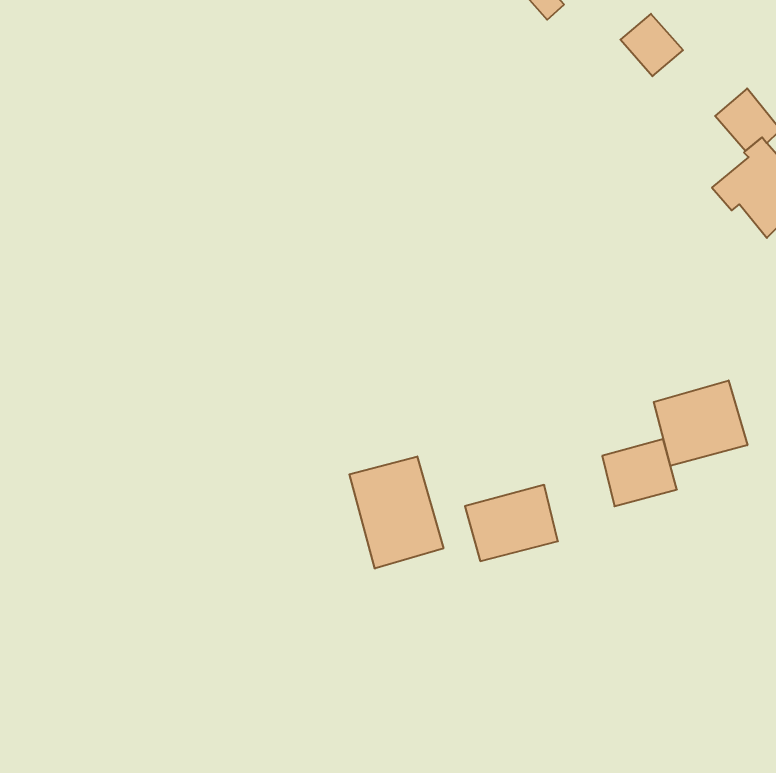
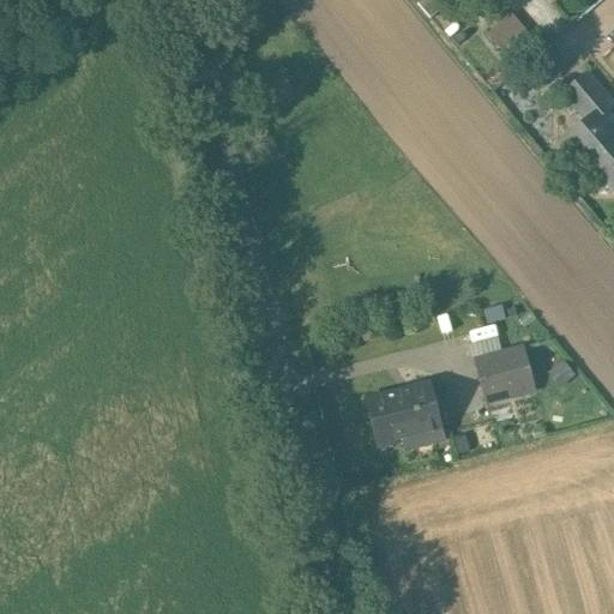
building: [654,380,747,466] -> none
building: [349,456,443,569] -> none

